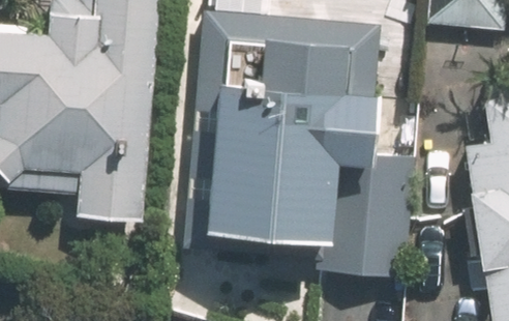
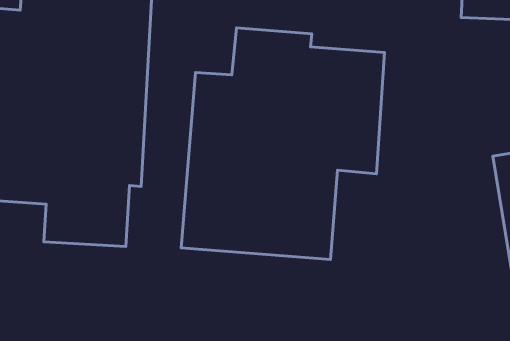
building: [317,159,416,272] -> none

